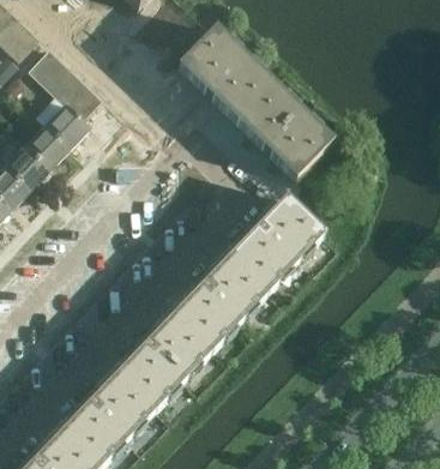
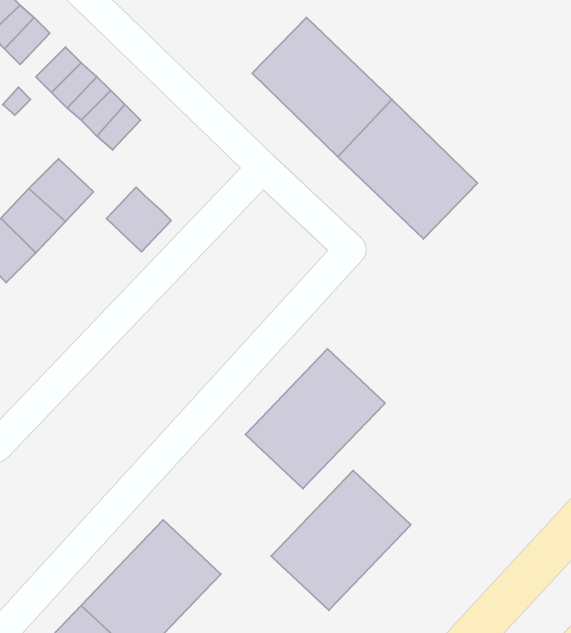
building: [43,102,88,146] -> [106,187,171,252]
building: [228,196,324,291] -> none
building: [115,313,211,409] -> [271,471,411,610]

